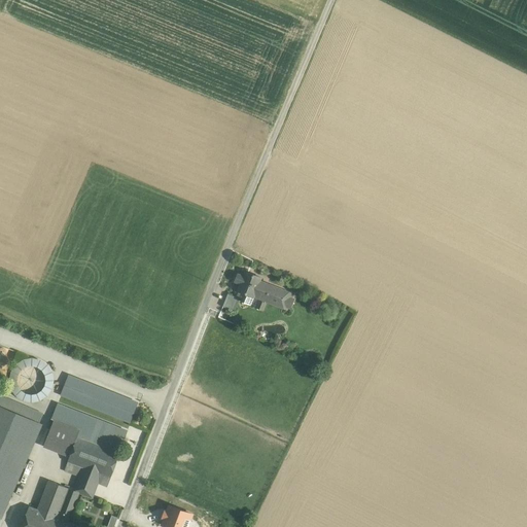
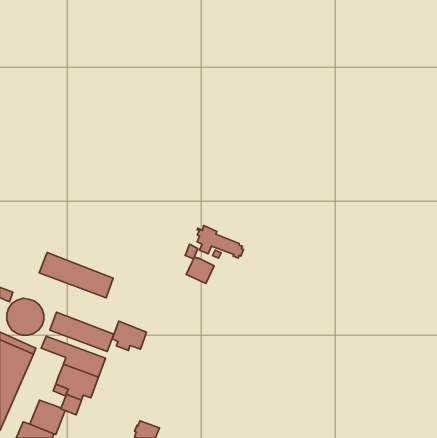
building: none -> [39,253,113,298]
building: none -> [186,257,214,284]
building: none -> [112,321,147,350]
building: [41,418,79,453] -> none

